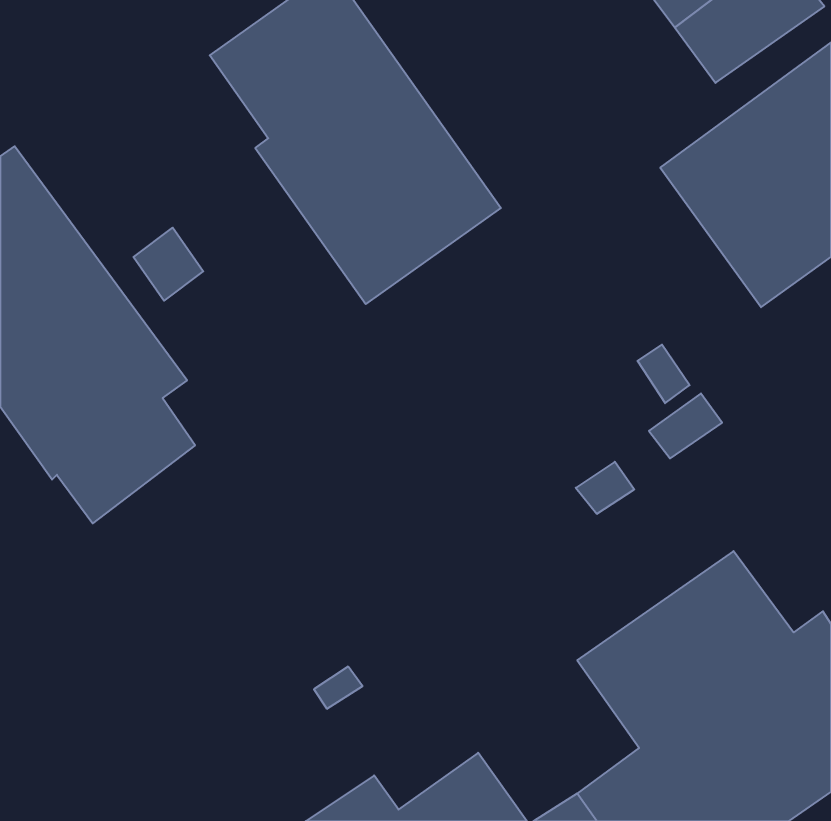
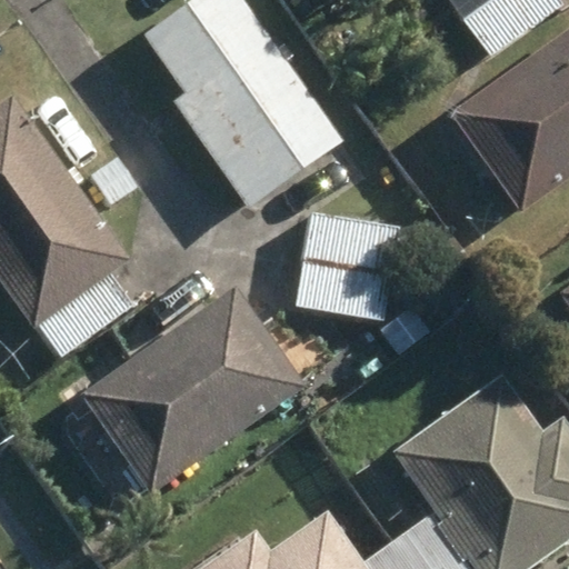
building: none -> [297,213,398,321]
building: none -> [84,290,305,493]

